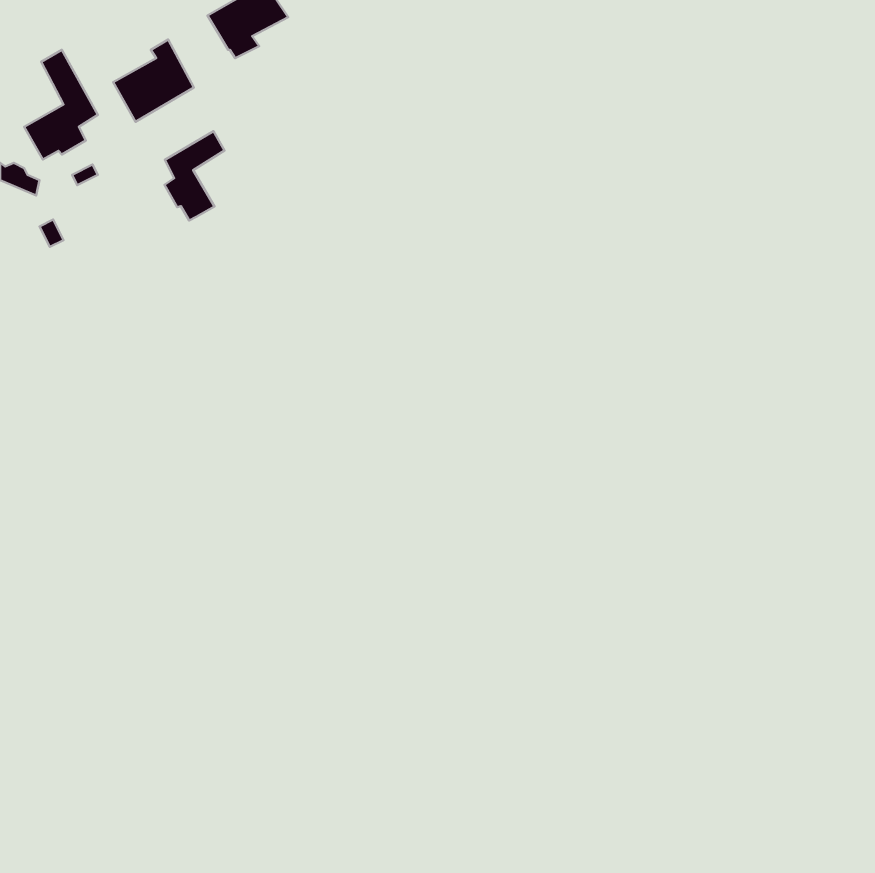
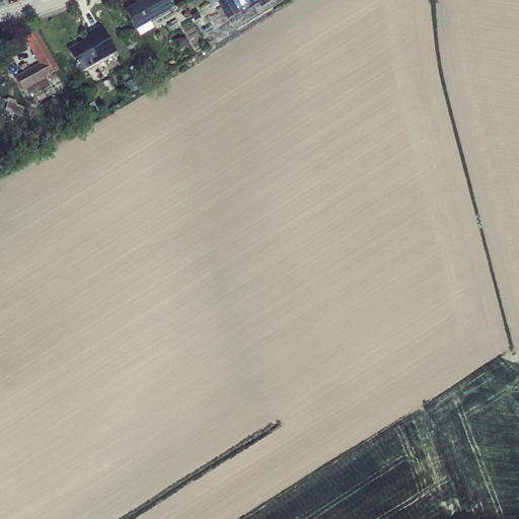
building: [165,131,224,220] -> none

